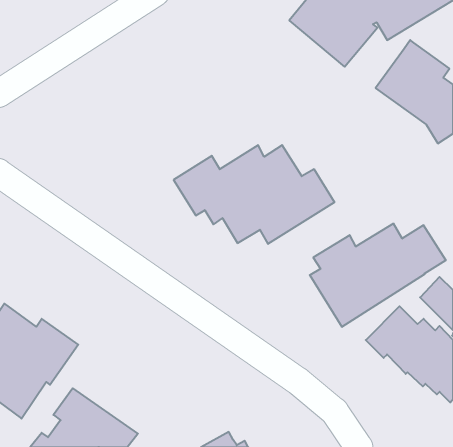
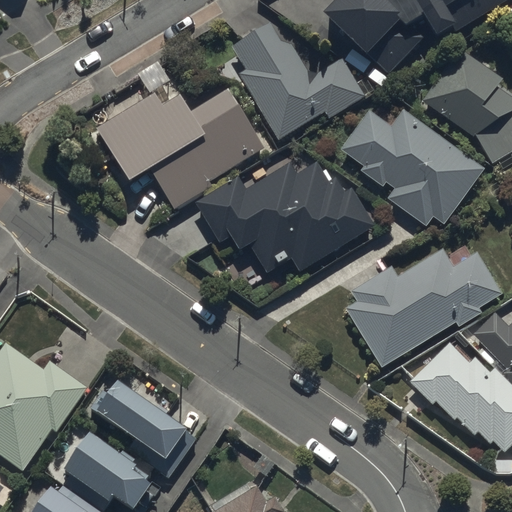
building: none -> [233,22,365,138]
building: none -> [94,88,263,204]
building: none -> [341,109,485,226]
building: none -> [91,378,192,467]

